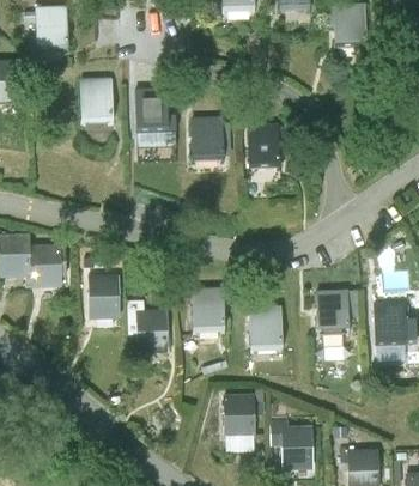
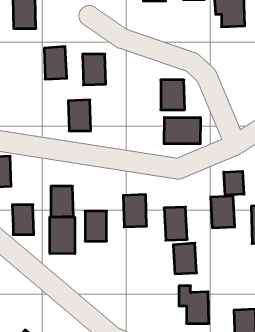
building: [188,115,220,159] -> [68,100,91,131]
building: none -> [164,117,200,144]
building: [28,244,59,287] -> [12,205,34,235]
building: none -> [224,171,244,195]
building: none -> [50,217,75,254]
building: [223,395,256,439] -> [173,243,197,274]

